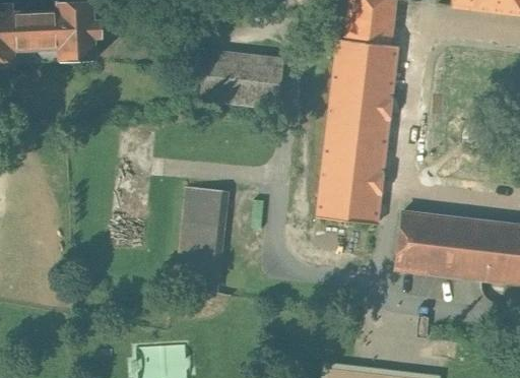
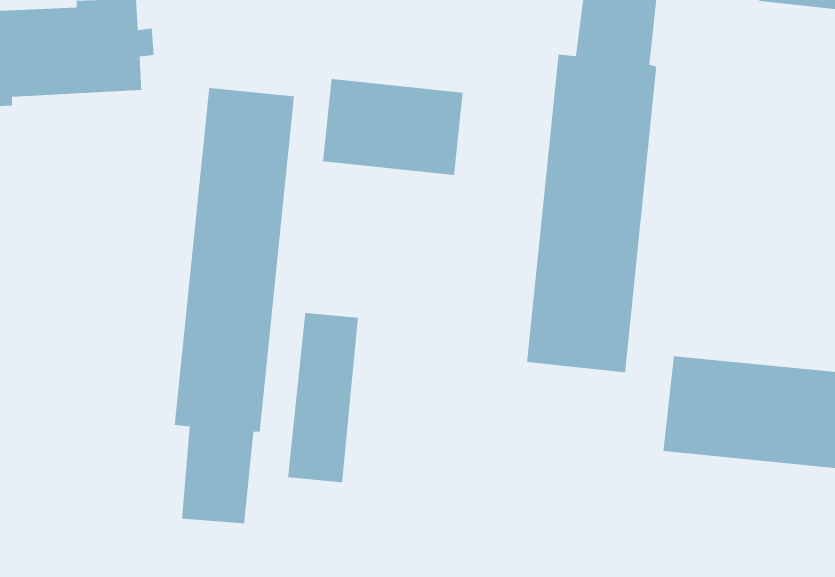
building: none -> [174,87,295,524]

